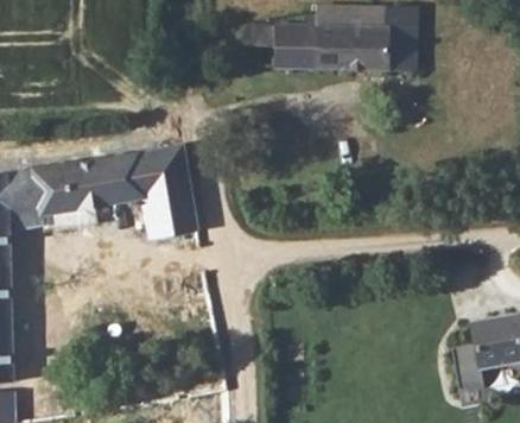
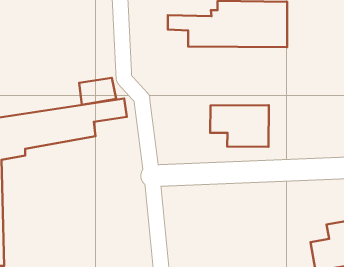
building: none -> [210,105,269,147]
building: [146,197,198,235] -> [79,78,116,105]

